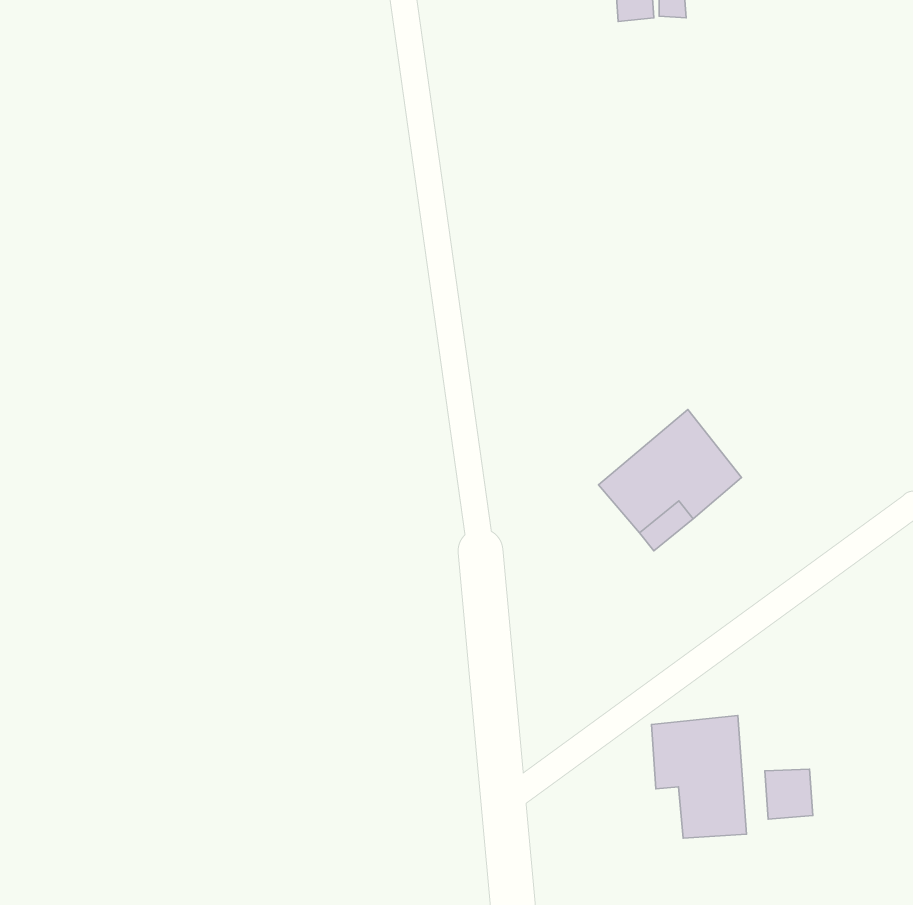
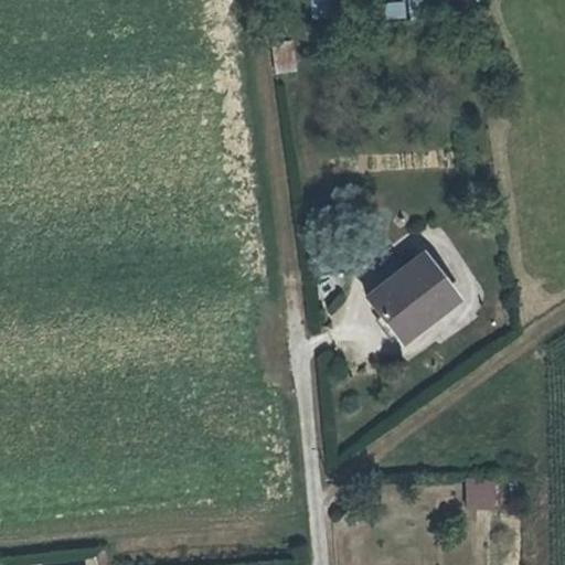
building: [651,715,746,838] -> none

